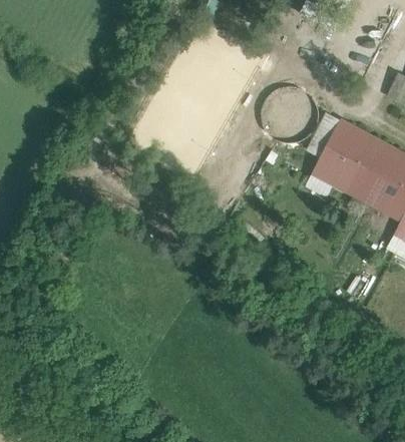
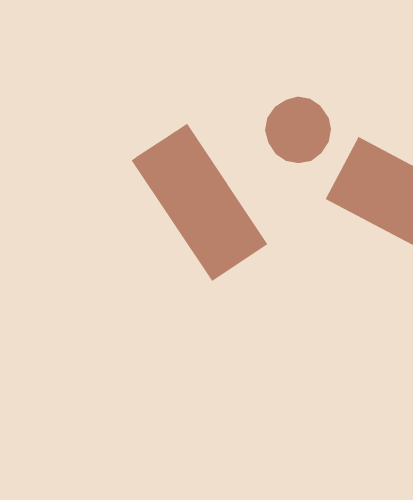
building: none -> [131,123,268,282]

